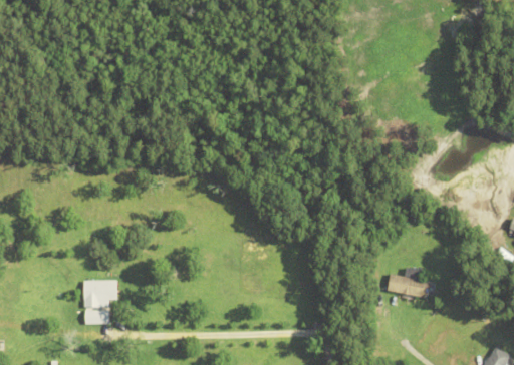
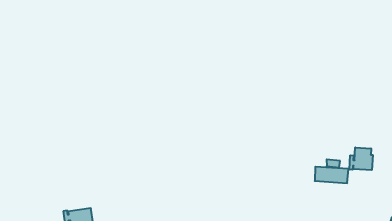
building: none -> [349,147,373,170]

